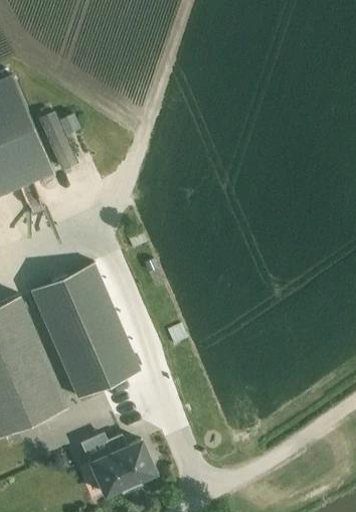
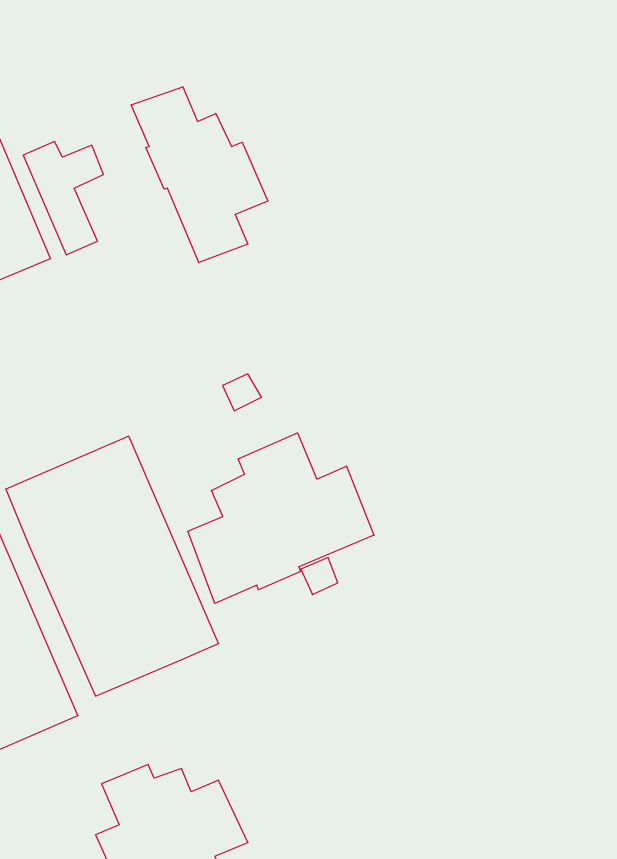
building: none -> [131,87,268,263]
building: none -> [188,433,374,603]

